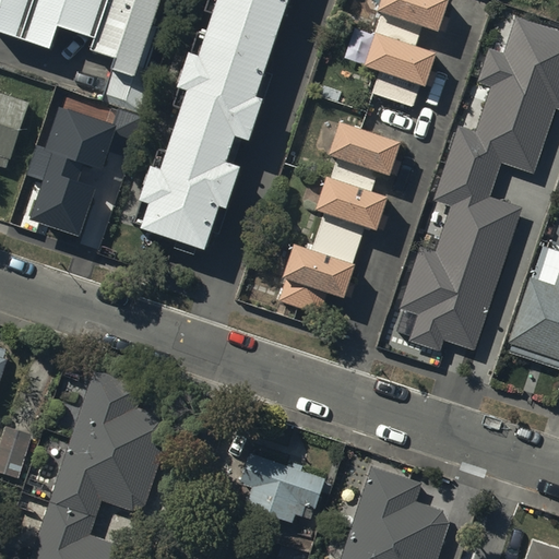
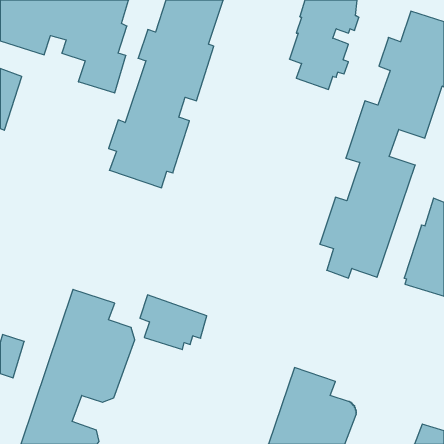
building: [29,106,115,235] -> none
building: [278,123,403,319] -> none
building: [238,447,322,515] -> [140,295,207,350]

